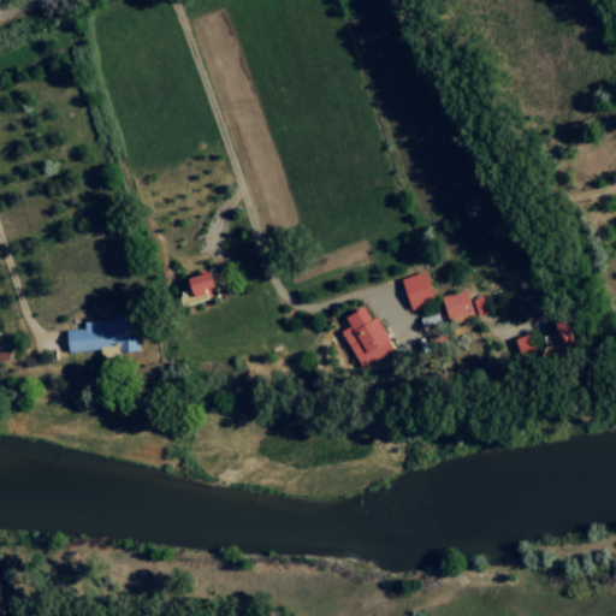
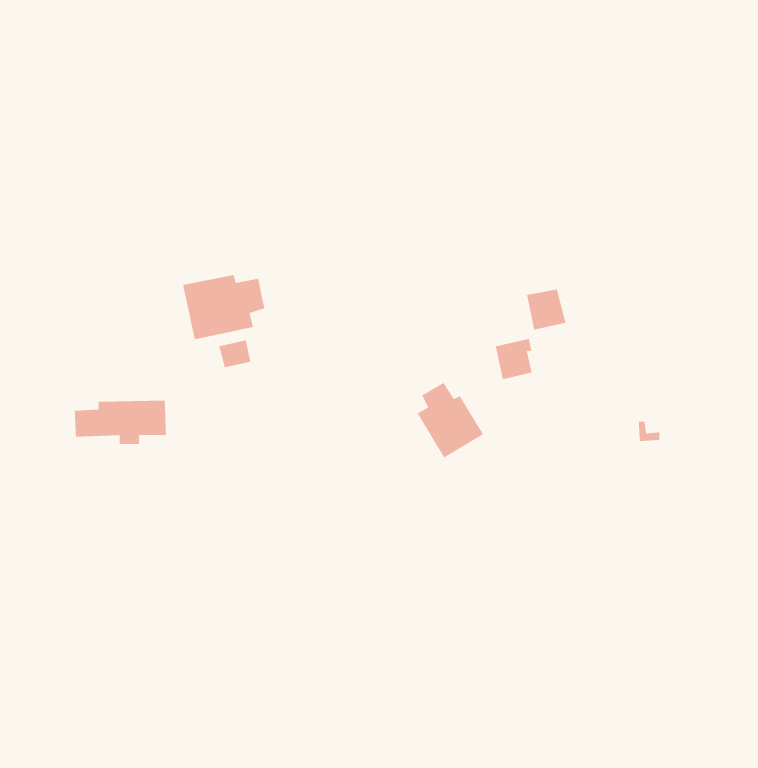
building: none -> [182,274,265,340]
building: [444,290,476,324] -> [526,289,567,331]

